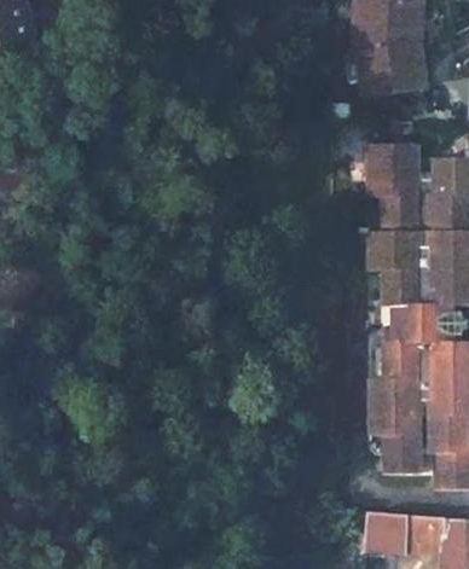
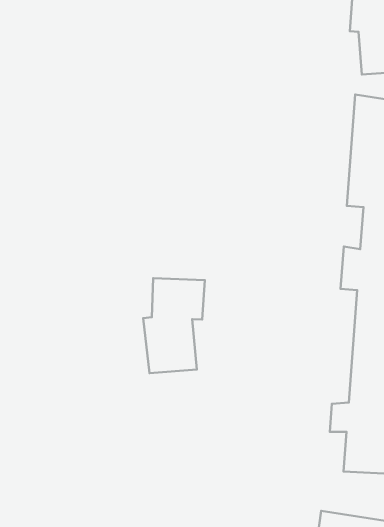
building: none -> [143,278,205,373]

